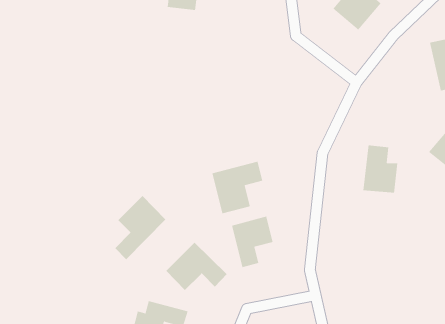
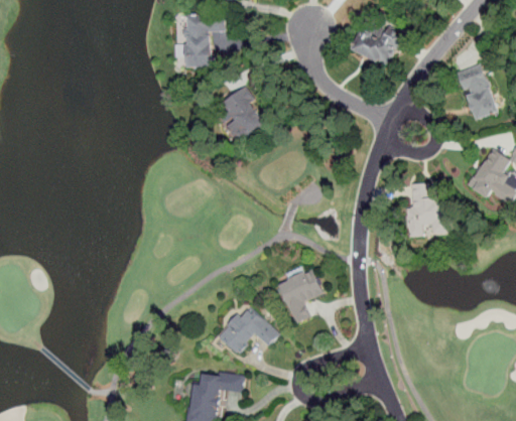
building: none -> [221,89,263,138]
building: [212,161,263,214] -> none
building: [115,195,166,260] -> none

